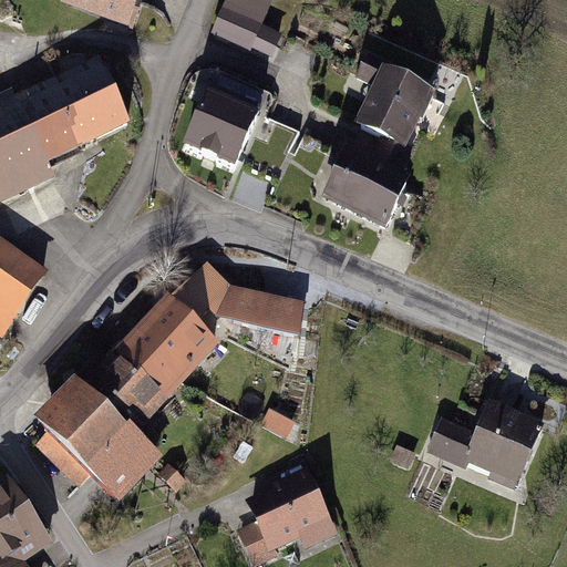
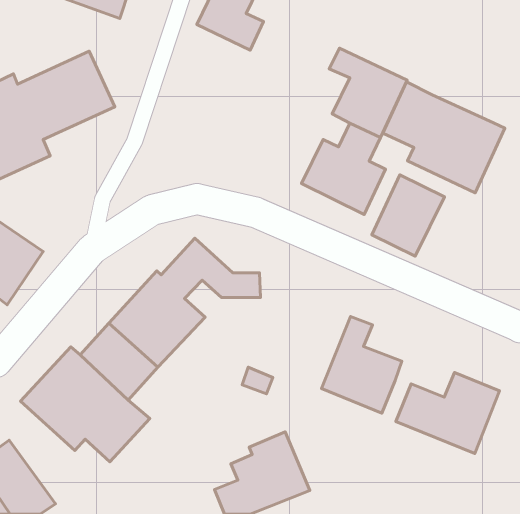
building: [179,85,258,164] -> none
building: none -> [383,82,505,193]
building: none -> [372,175,445,256]
building: none -> [321,317,402,413]

